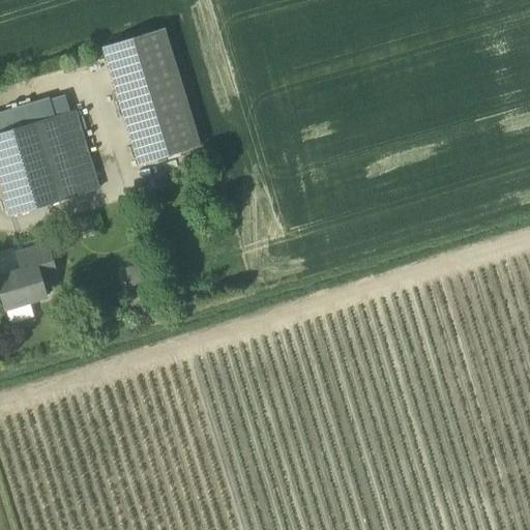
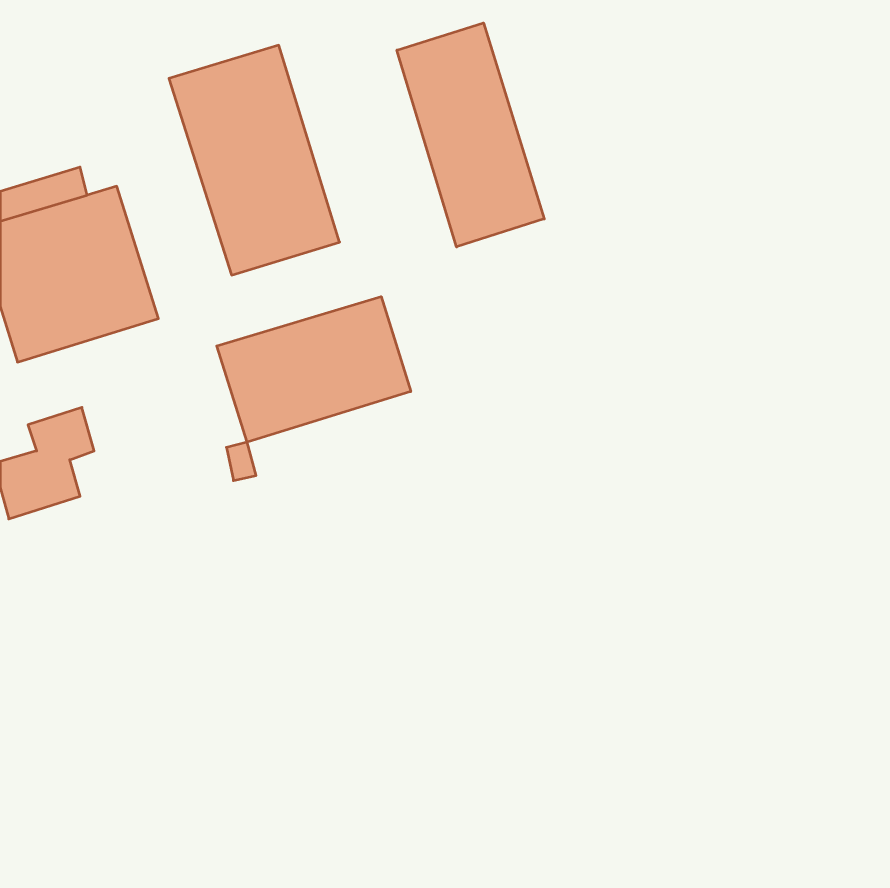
building: none -> [397,23,544,247]
building: none -> [217,297,411,442]

